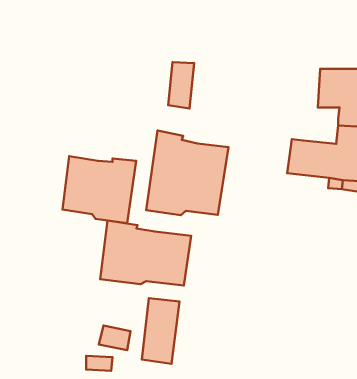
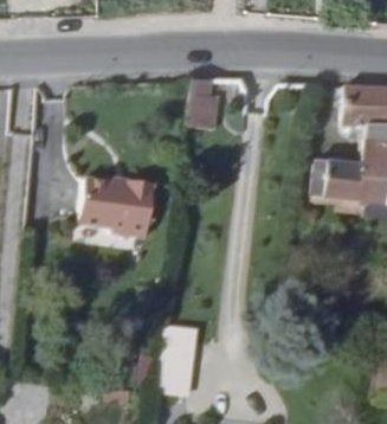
building: [146,131,229,215] -> none
building: [100,220,191,286] -> none

